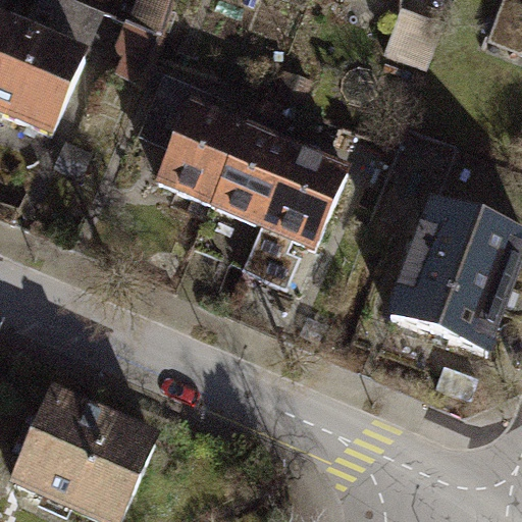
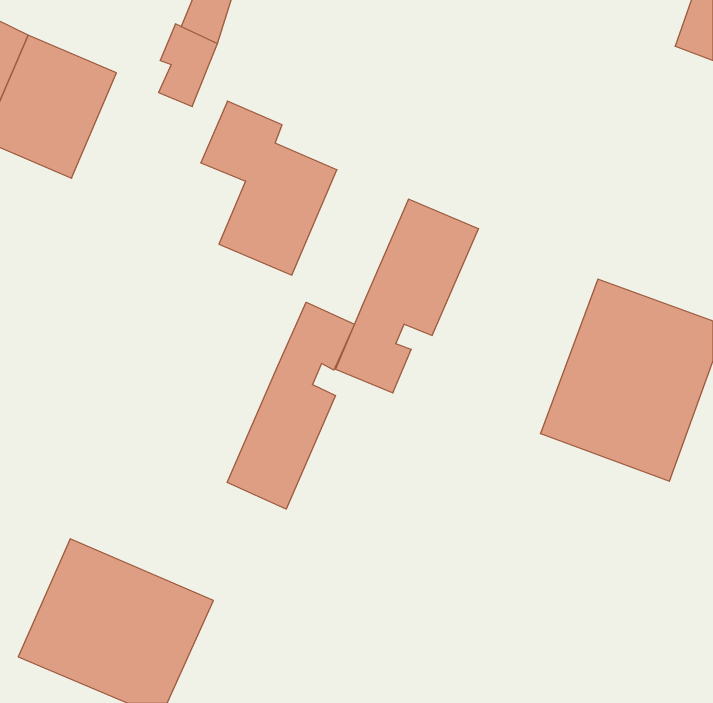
building: [212,123,297,222] -> none
building: none -> [227,302,354,509]

